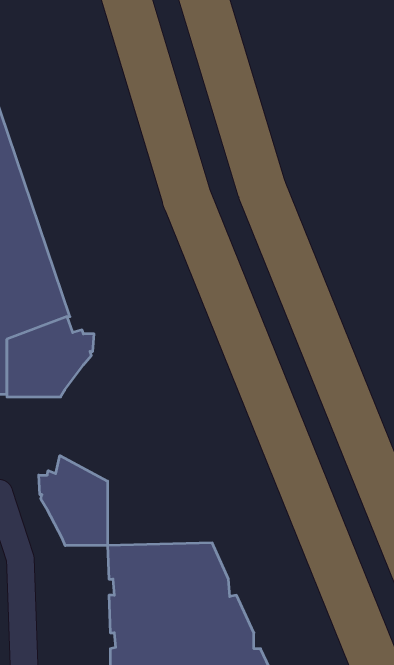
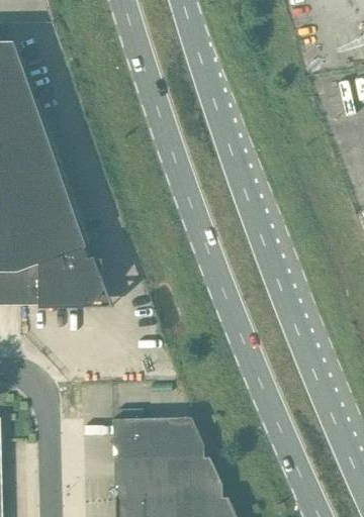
building: [39,456,108,546] -> none

